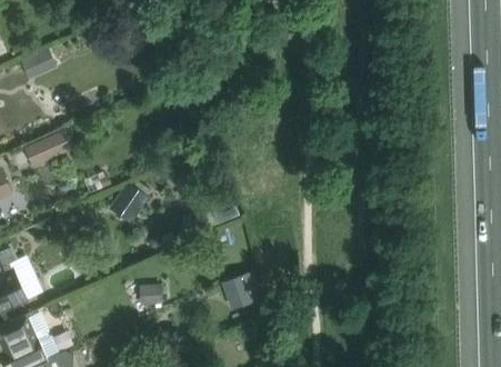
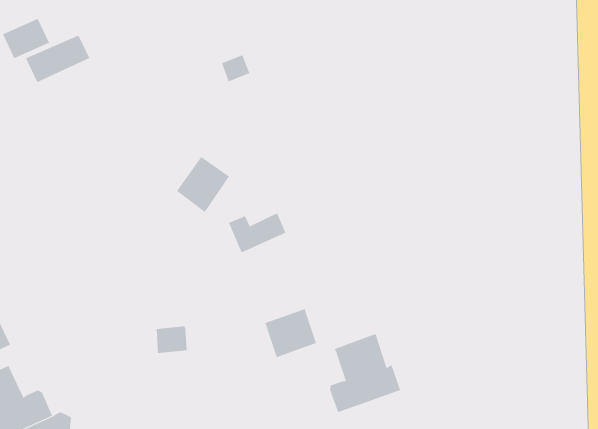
building: [24,130,74,167] -> [25,35,90,83]
building: [109,181,150,225] -> [176,156,230,213]
building: none -> [329,333,401,413]

